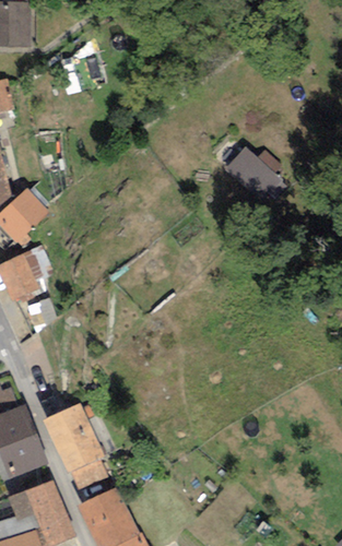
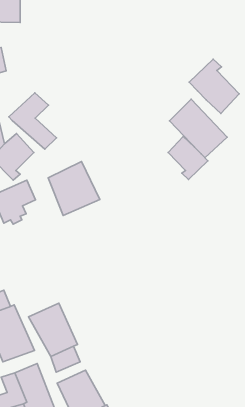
building: none -> [189,59,239,114]
building: none -> [9,93,57,149]
building: none -> [168,137,208,179]
building: none -> [48,161,100,216]

